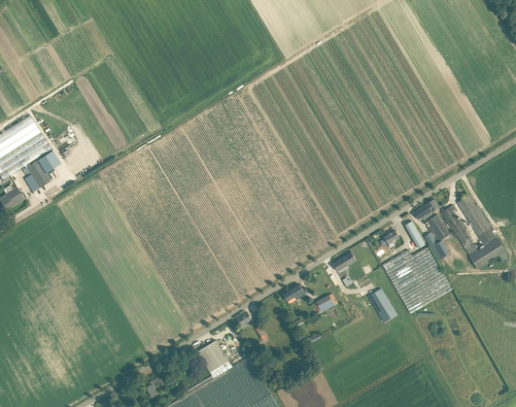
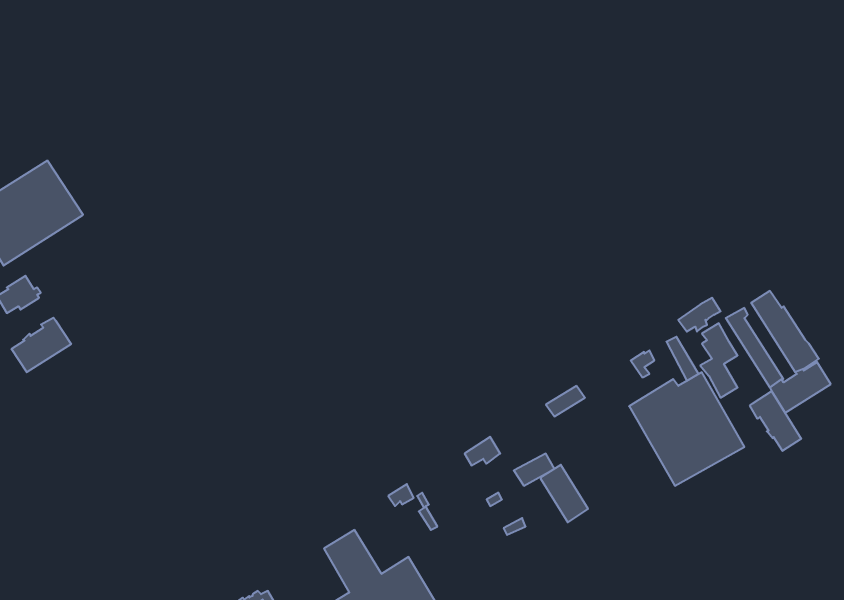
building: [27,151,61,189] -> none
building: none -> [12,318,71,372]
building: none -> [750,391,801,451]
building: [369,290,398,325] -> [541,465,588,522]

